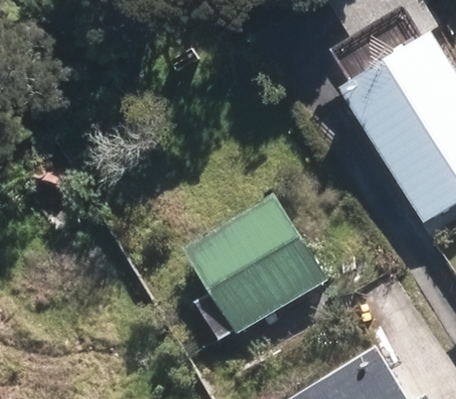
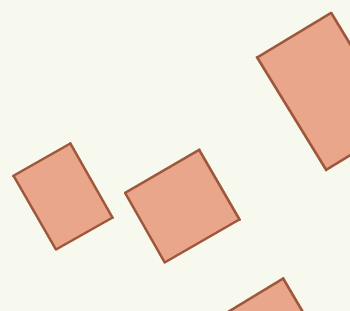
building: none -> [13,143,113,249]

